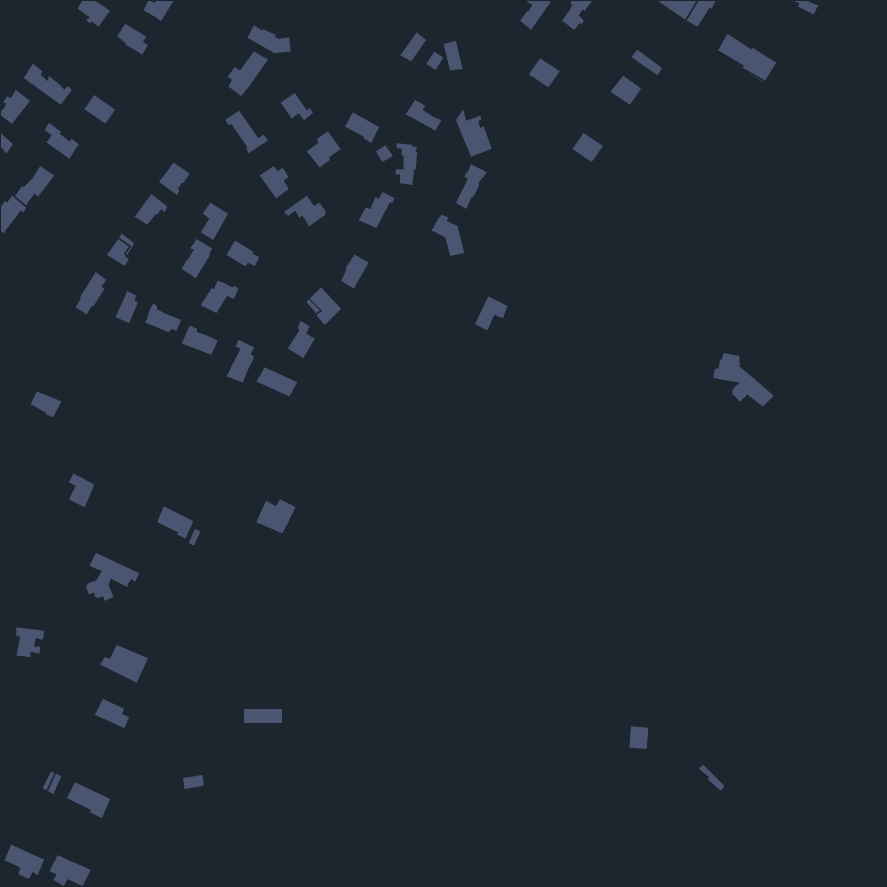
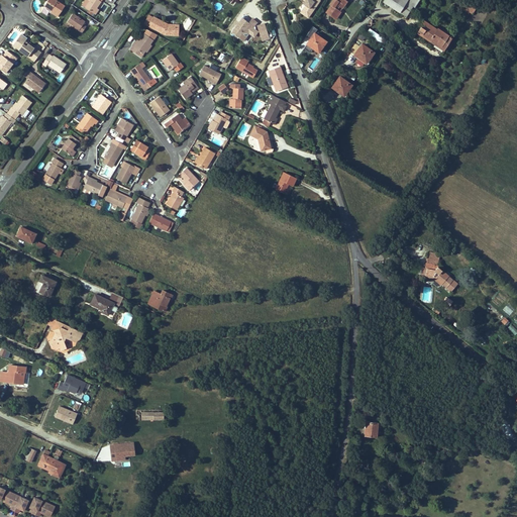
building: [713,352,775,408] -> [422,258,458,291]

